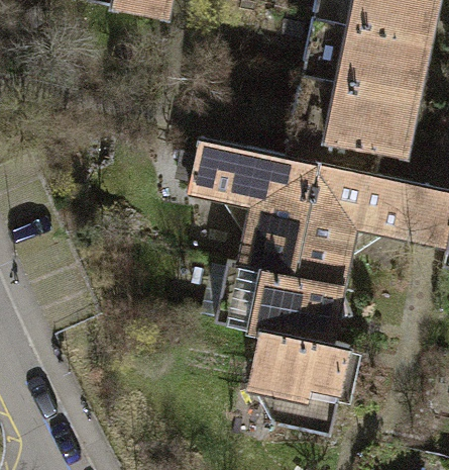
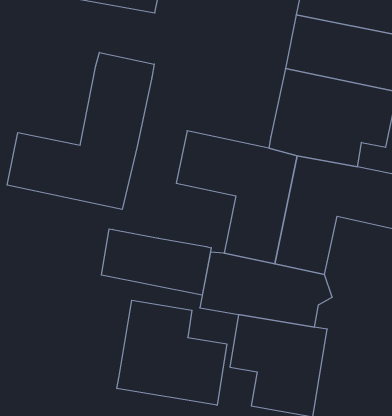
building: none -> [7,52,154,209]
building: none -> [101,229,211,295]
building: none -> [117,300,227,405]

